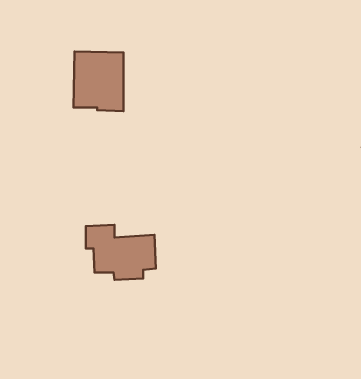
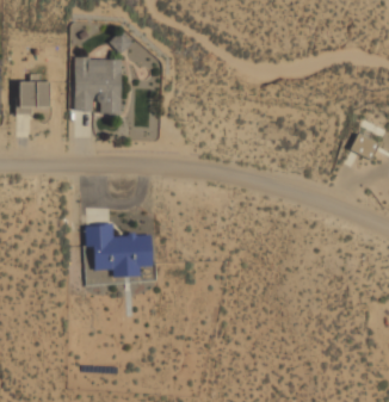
building: none -> [18,81,49,115]

